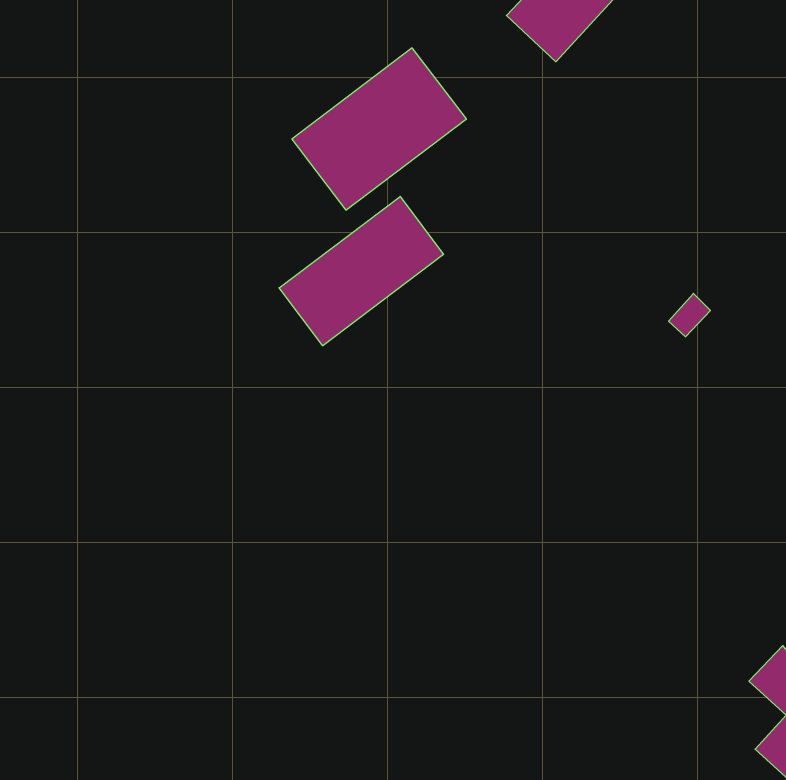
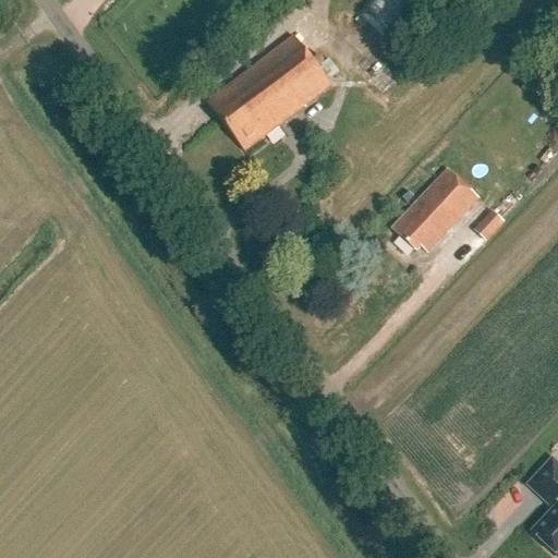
building: [279,196,444,346] -> none
building: none -> [391,166,478,248]

